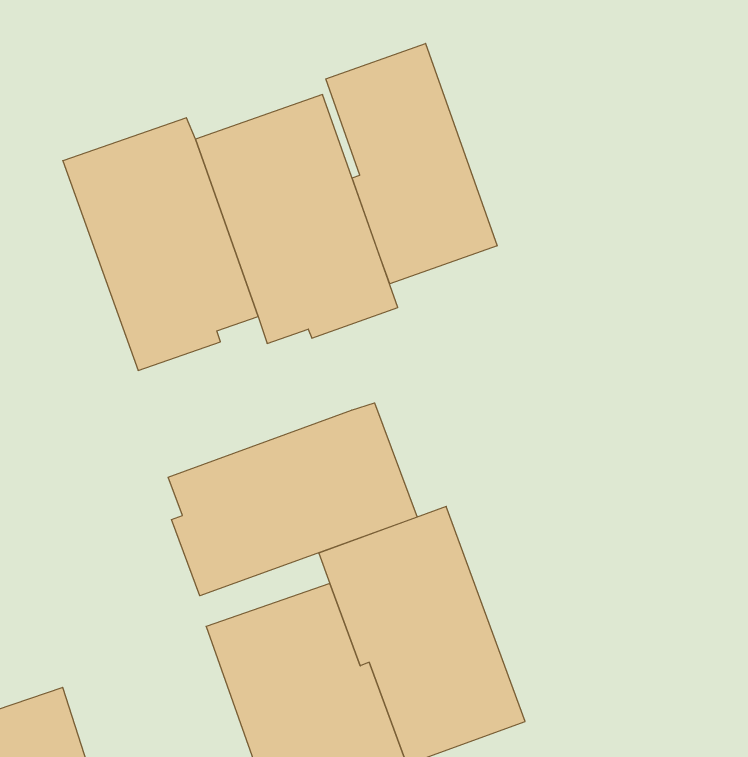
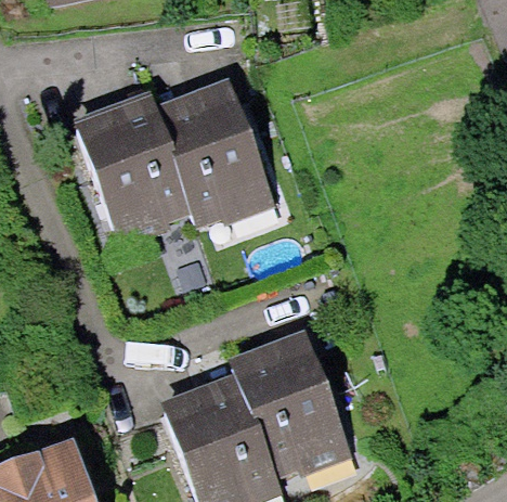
building: [326,43,497,284] -> none
building: [168,403,417,596] -> none

